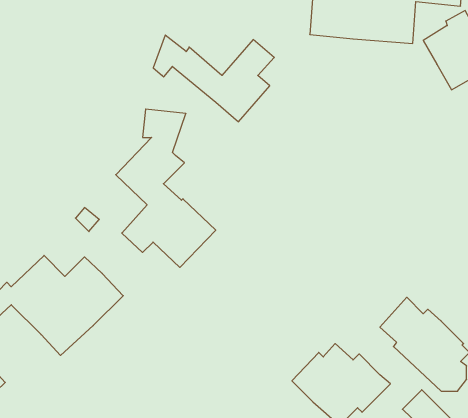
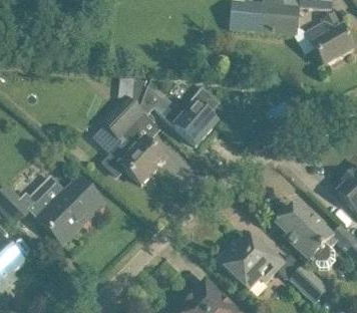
building: [153,35,274,122] -> [138,86,220,144]

